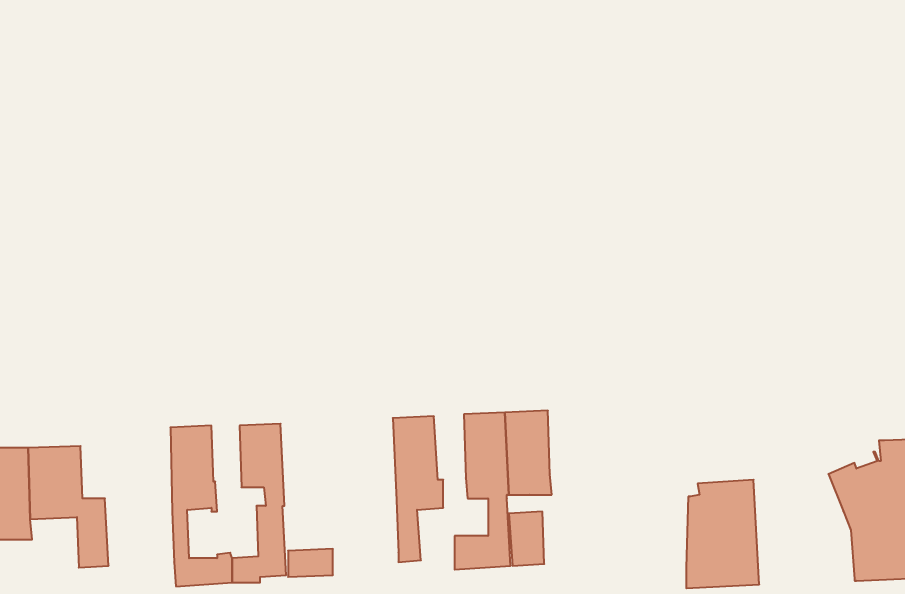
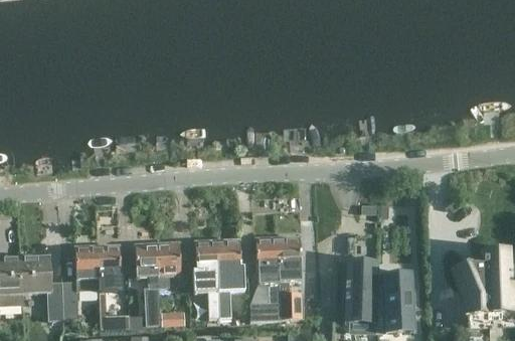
building: none -> [193,240,220,318]
building: none -> [157,241,181,288]
building: none -> [62,245,99,320]
building: none -> [344,260,377,321]

